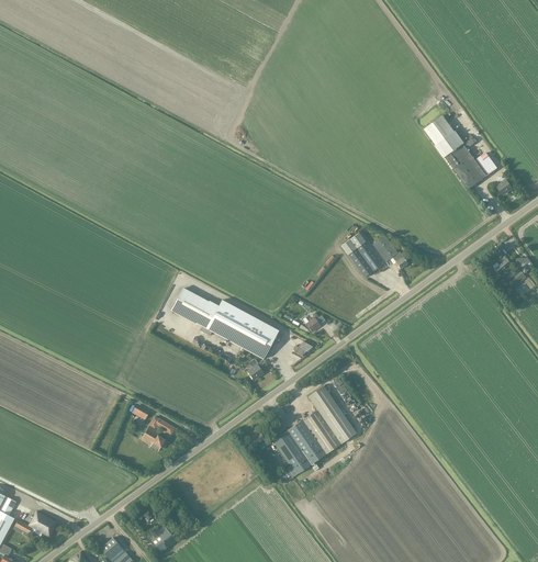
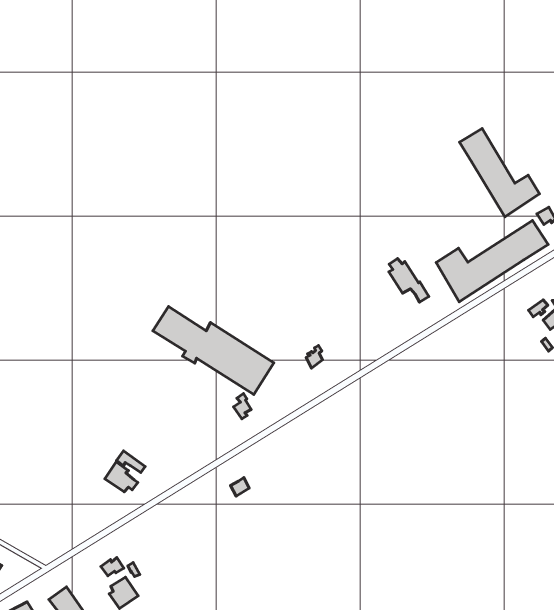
building: none -> [436,220,548,302]
building: [341,233,382,278] -> none
building: [273,386,356,484] -> none

